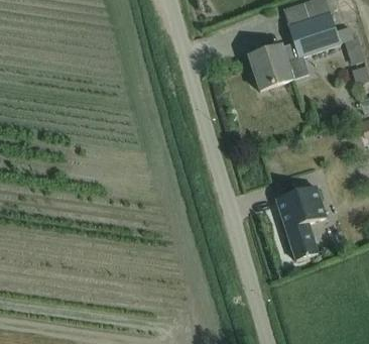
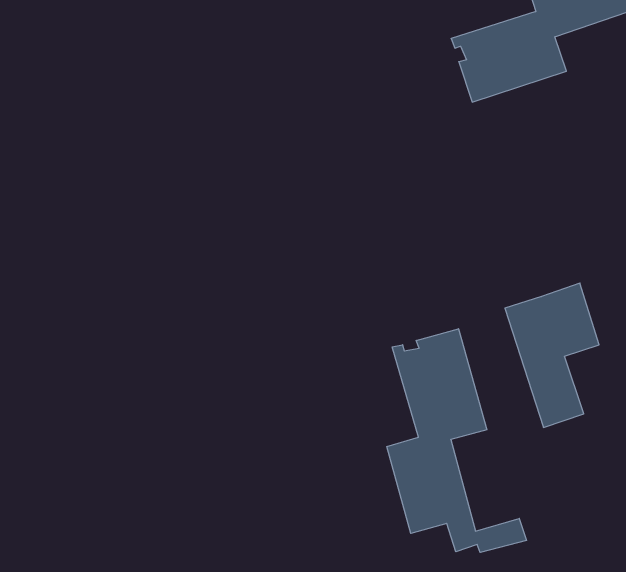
building: none -> [387,329,527,552]

